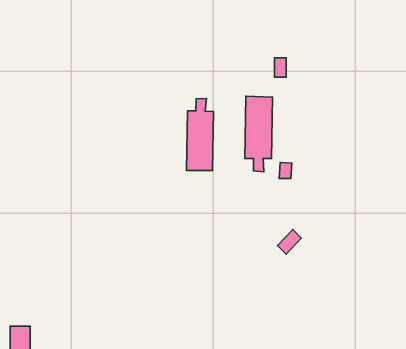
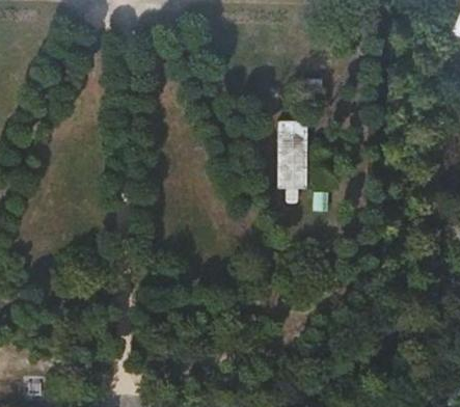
building: [186,98,213,171] -> none

